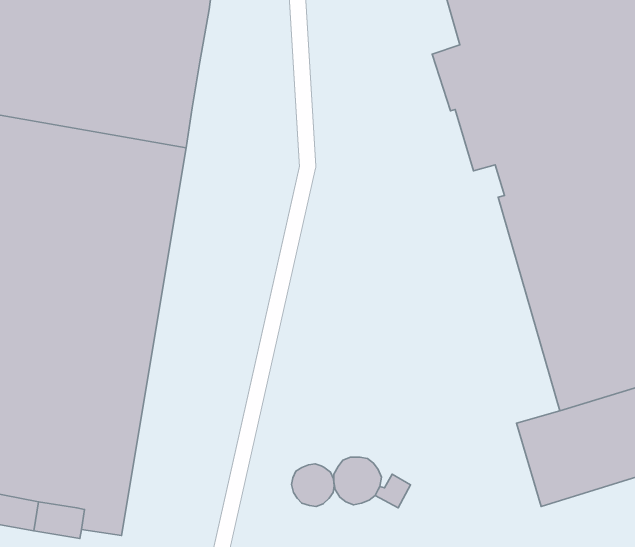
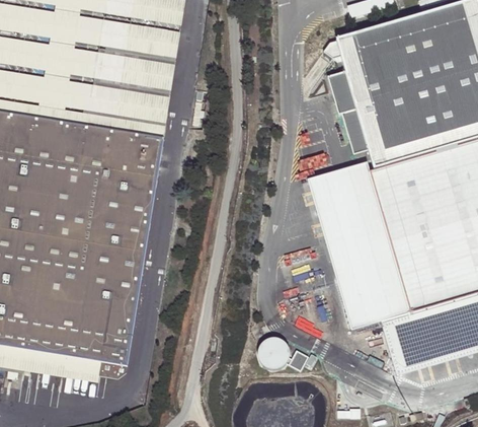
building: none -> [306,161,407,324]
building: [292,464,334,507] -> none

